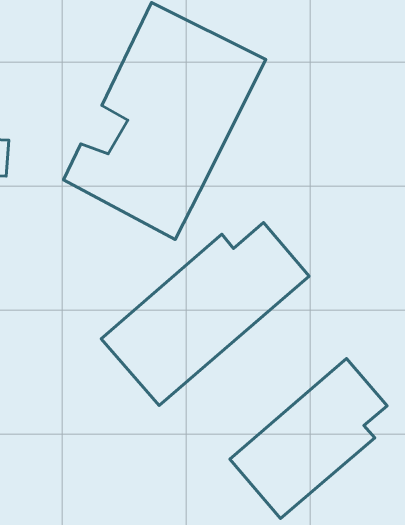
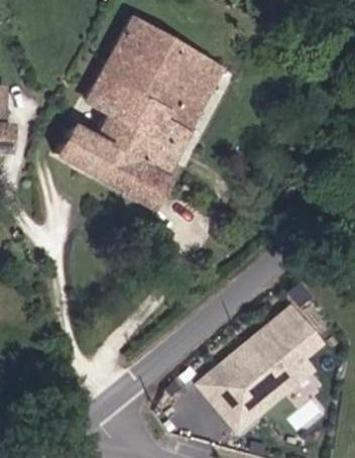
building: [101,222,309,405] -> none

